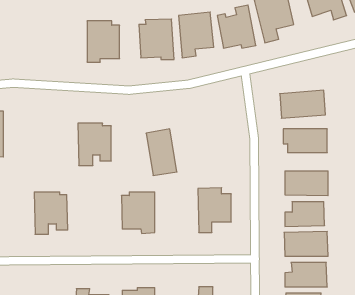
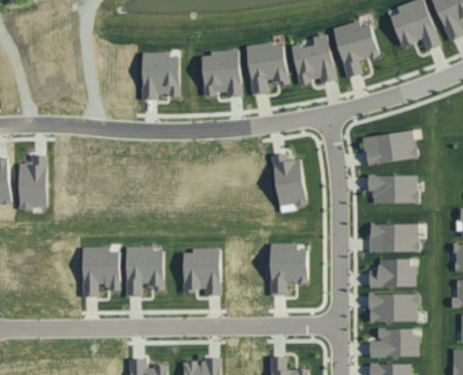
building: [78,123,111,165] -> [125,247,163,295]
building: [146,129,177,175] -> [272,153,308,207]

